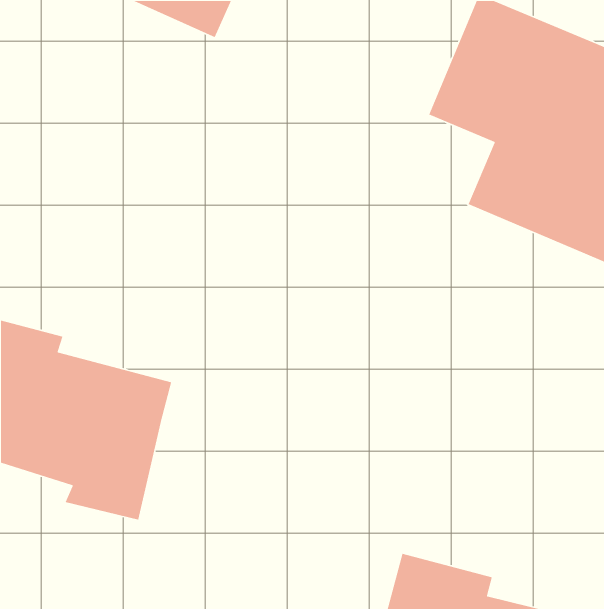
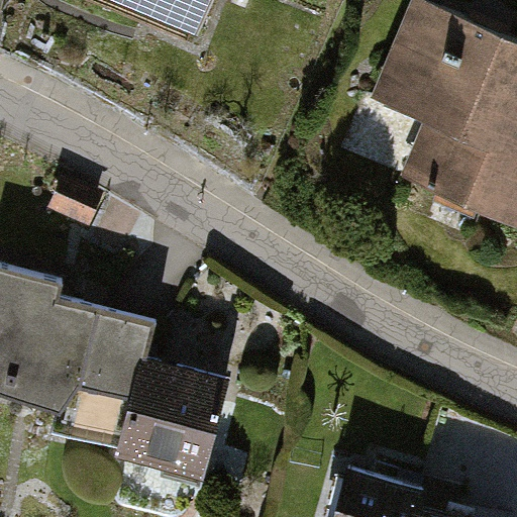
building: none -> [118,358,229,479]

